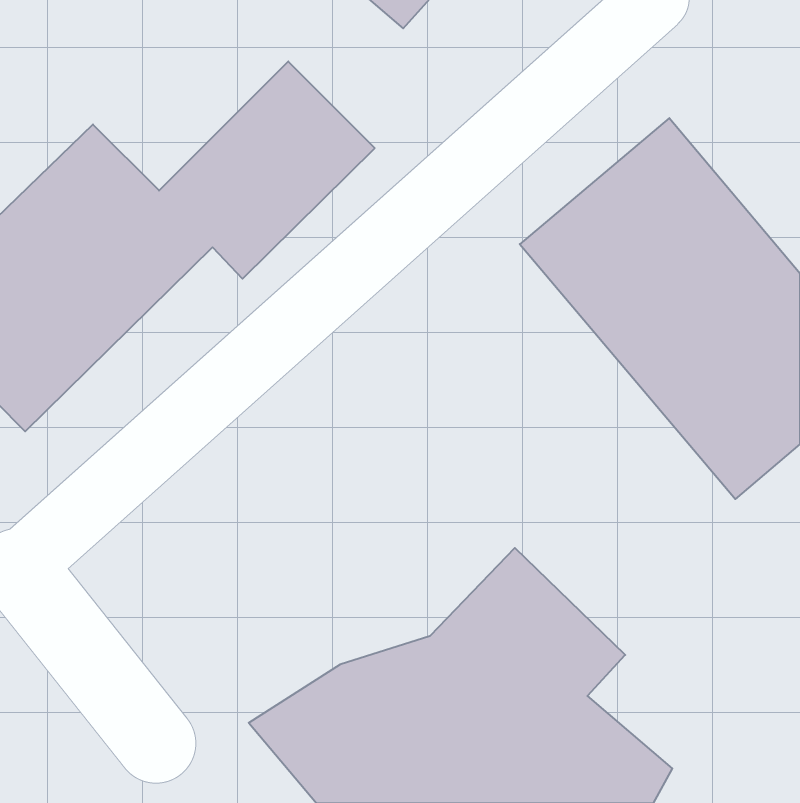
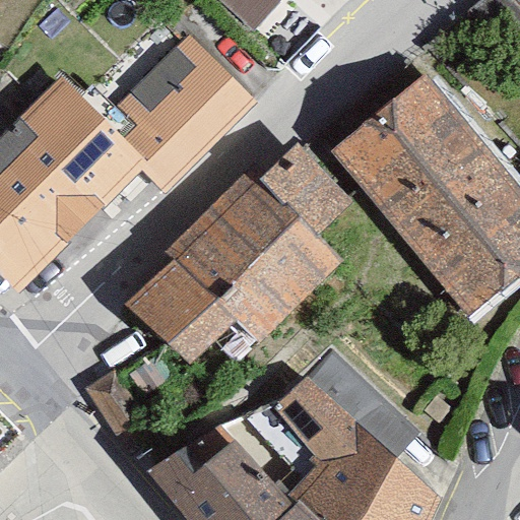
building: none -> [132,148,345,360]

